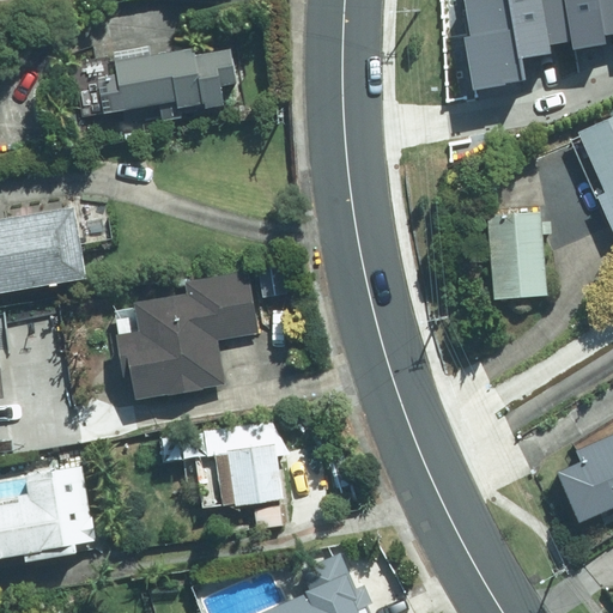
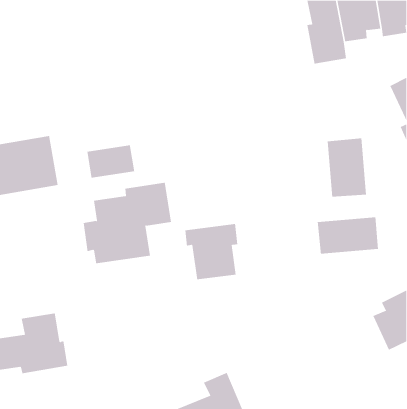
building: [101,41,237,131] -> none
building: none -> [87,144,135,179]
building: none -> [317,216,378,254]
building: [207,421,287,505] -> [184,224,238,280]

